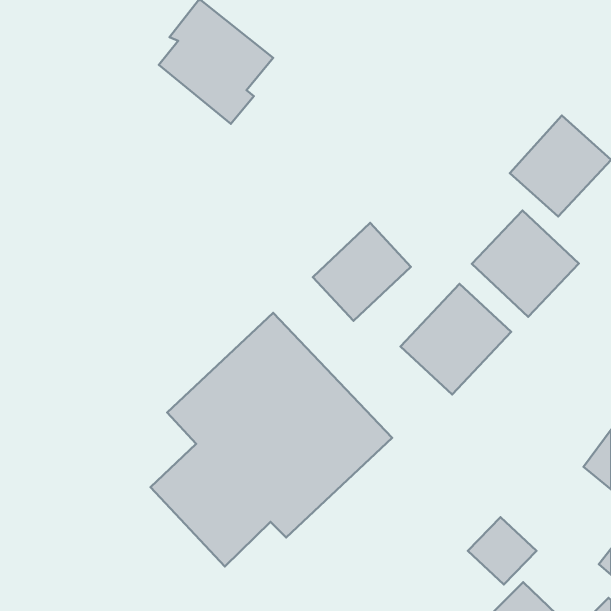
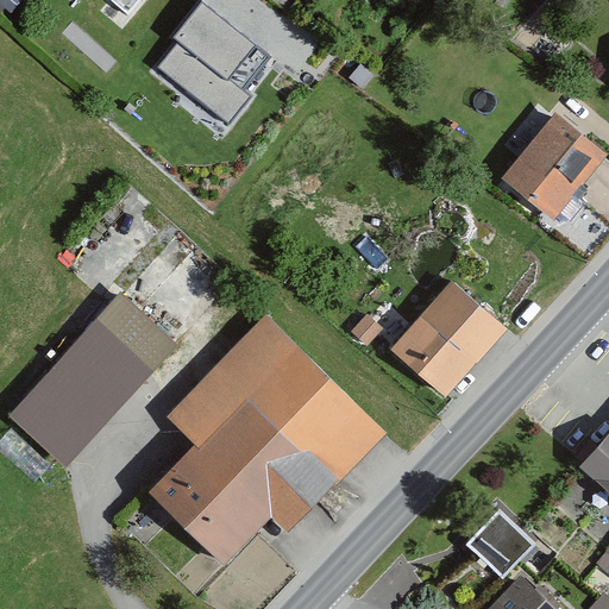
building: [472,211,579,317] -> none
building: [313,223,411,321] -> none
building: none -> [10,293,175,463]

